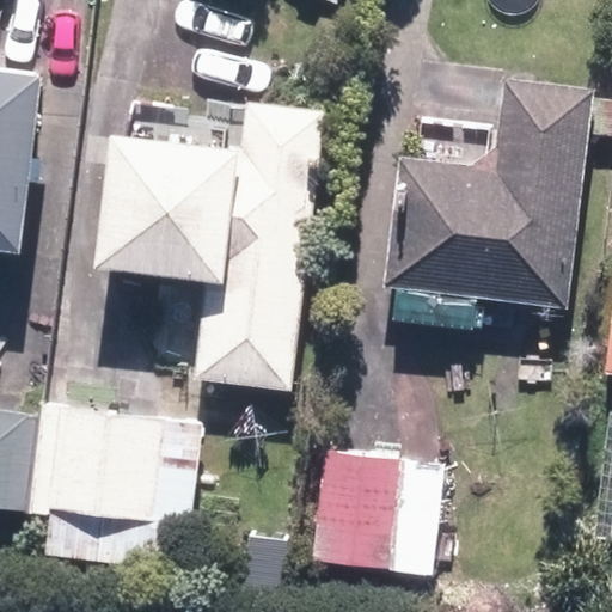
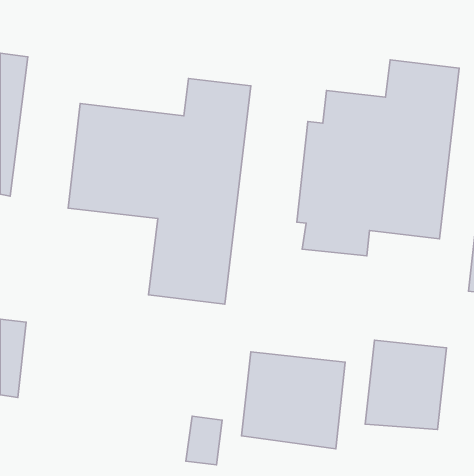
building: [30,403,202,568] -> none
building: none -> [365,340,446,429]

